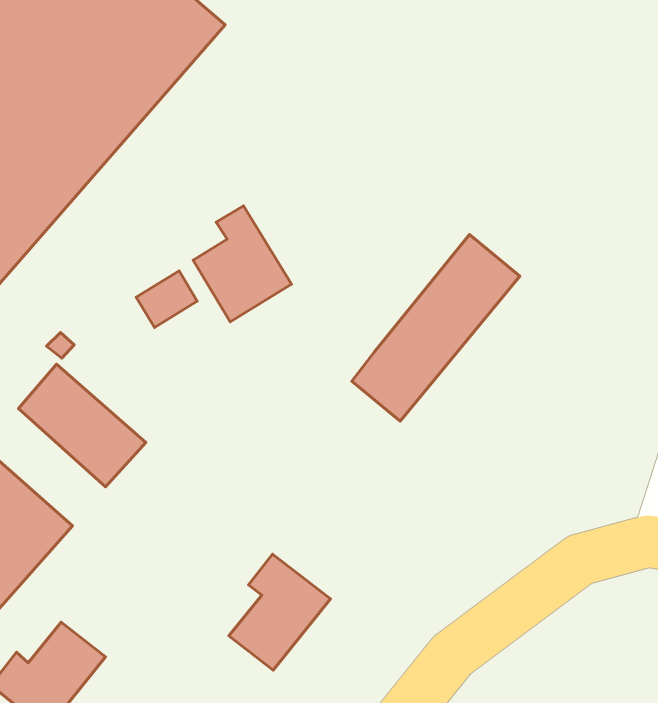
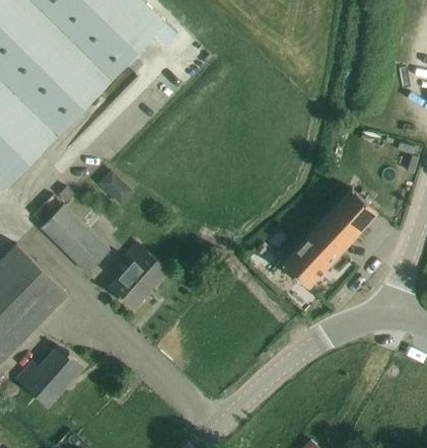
building: [193,206,292,322] -> none
building: [352,235,520,421] -> [282,189,377,289]
building: [229,554,330,670] -> [110,244,166,308]

